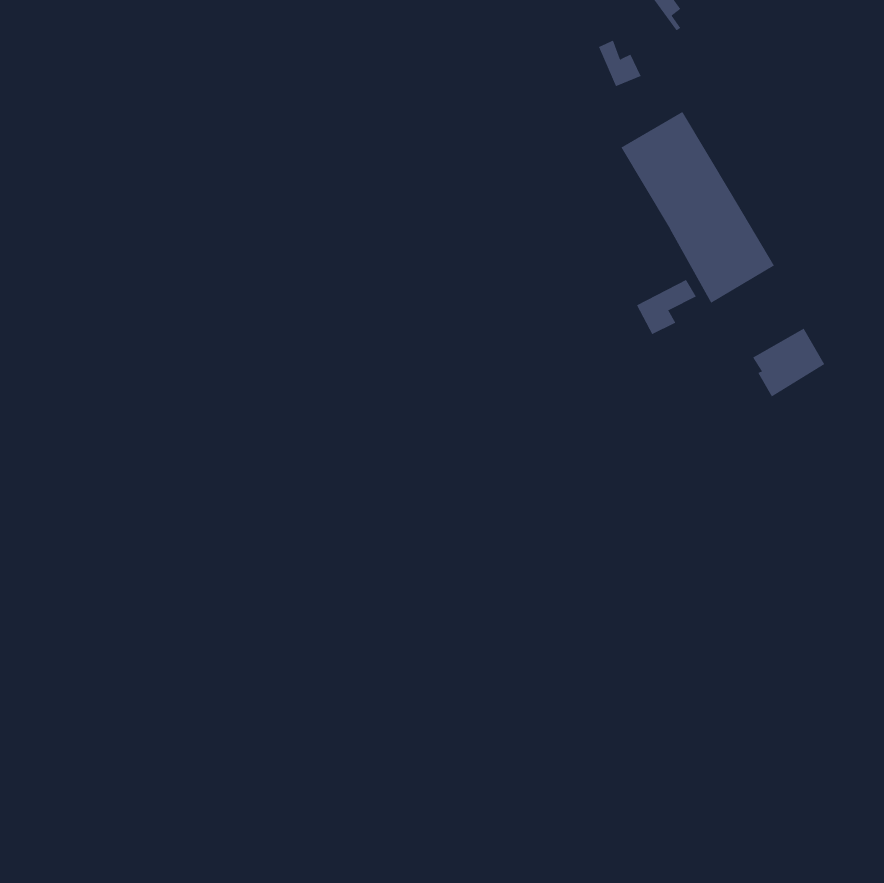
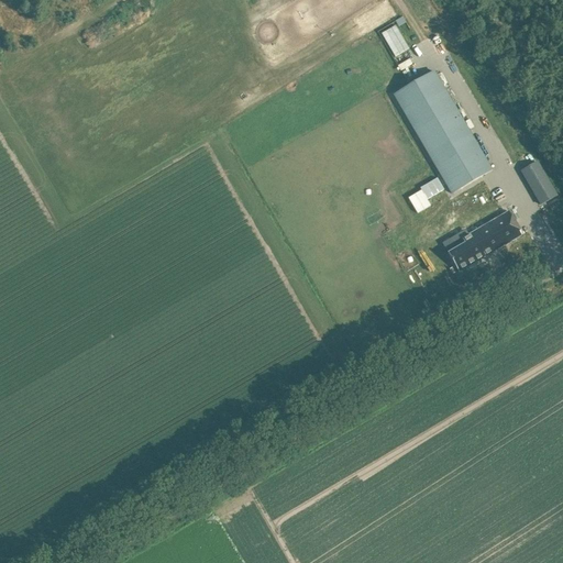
building: none -> [519,159,556,203]
building: none -> [449,227,489,268]

